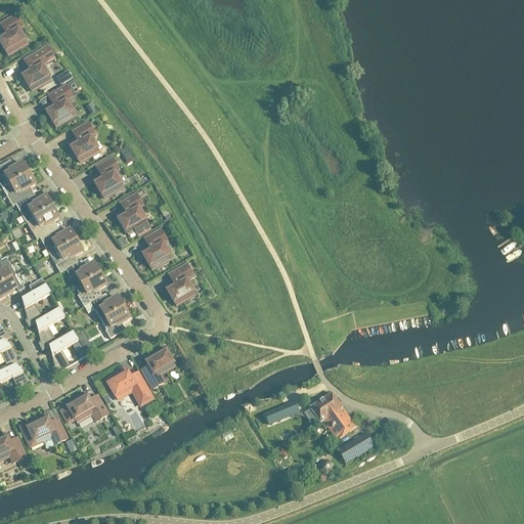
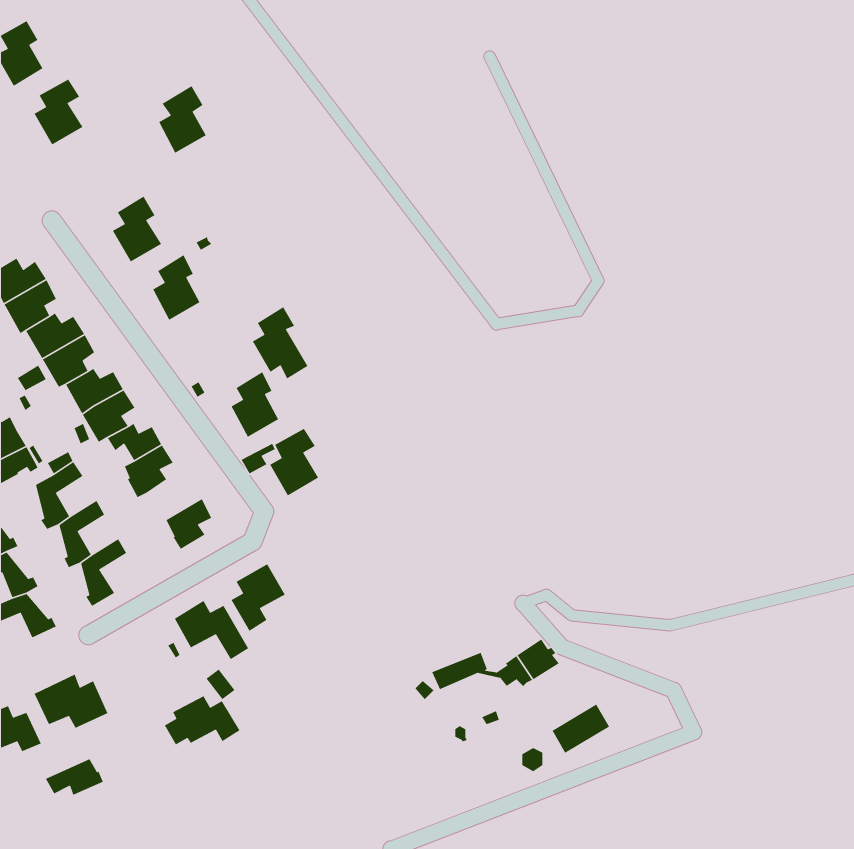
building: [45,83,75,125] -> [158,85,207,154]
building: [117,191,151,236] -> [252,306,309,380]
building: [90,292,124,318] -> none
building: [60,391,107,422] -> [164,695,241,745]
building: [322,406,356,439] -> none
building: none -> [45,758,104,796]

